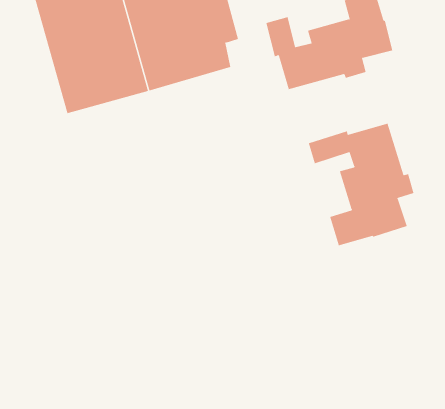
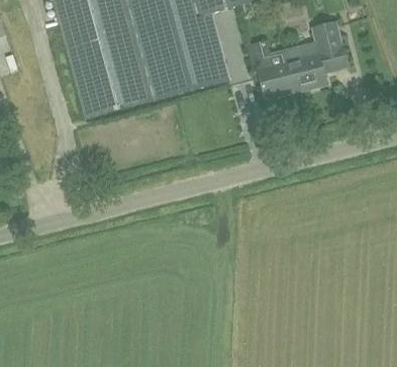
building: [308,123,414,246] -> none

